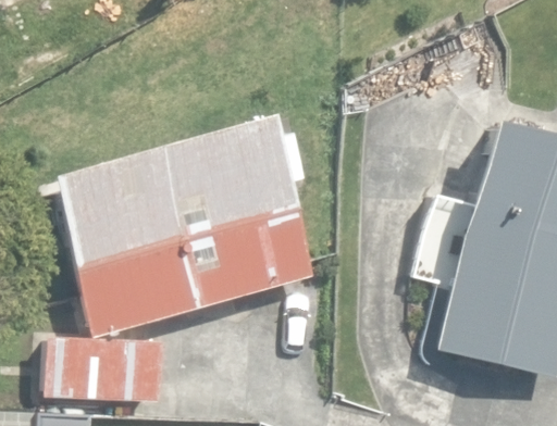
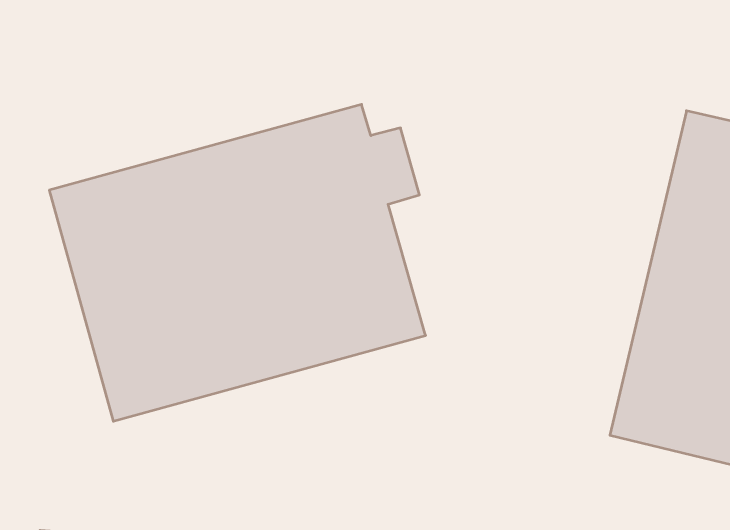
building: [49,337,164,400] -> none

